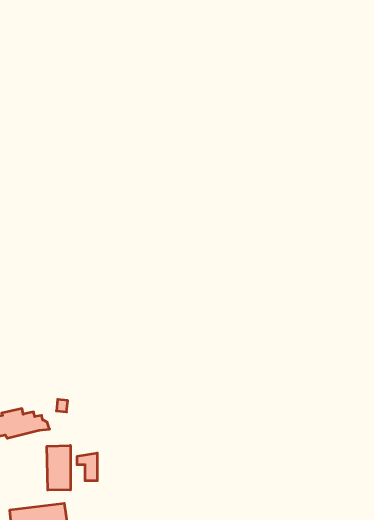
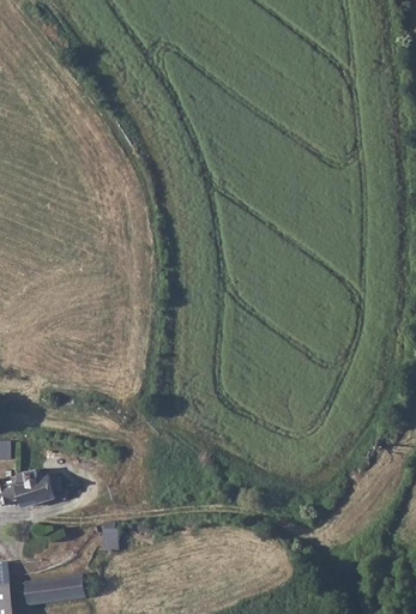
building: [47,445,70,490] -> none

